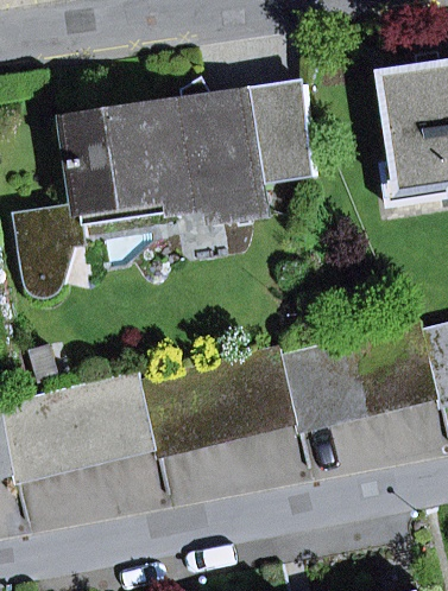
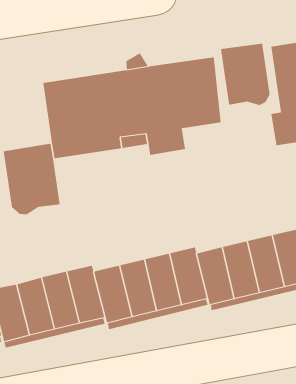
building: none -> [221,43,270,106]

